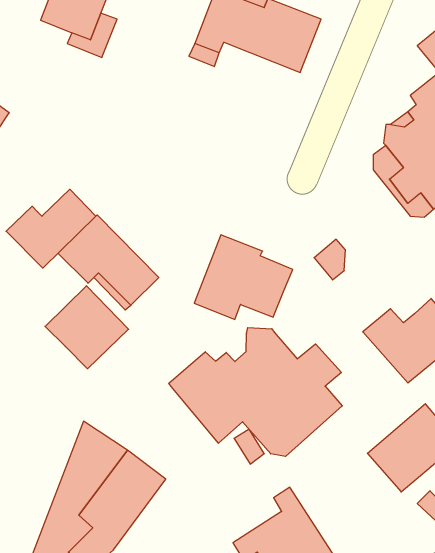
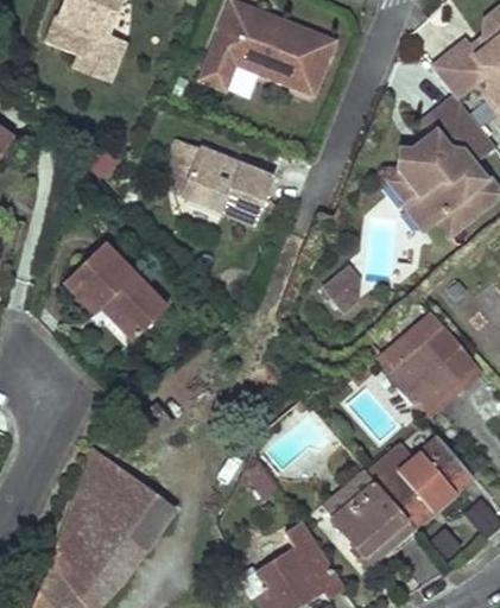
building: [6,189,96,268] -> none
building: [194,235,293,319] -> [173,141,274,228]
building: [45,286,129,369] -> none
building: [169,328,342,456] -> none
building: none -> [334,480,416,564]

